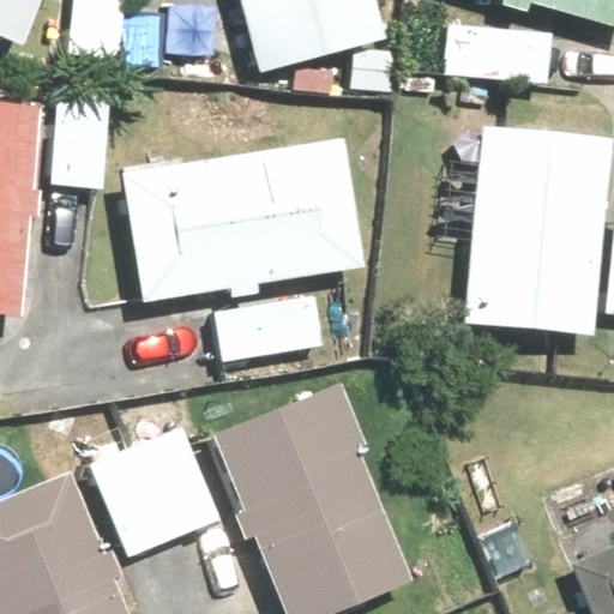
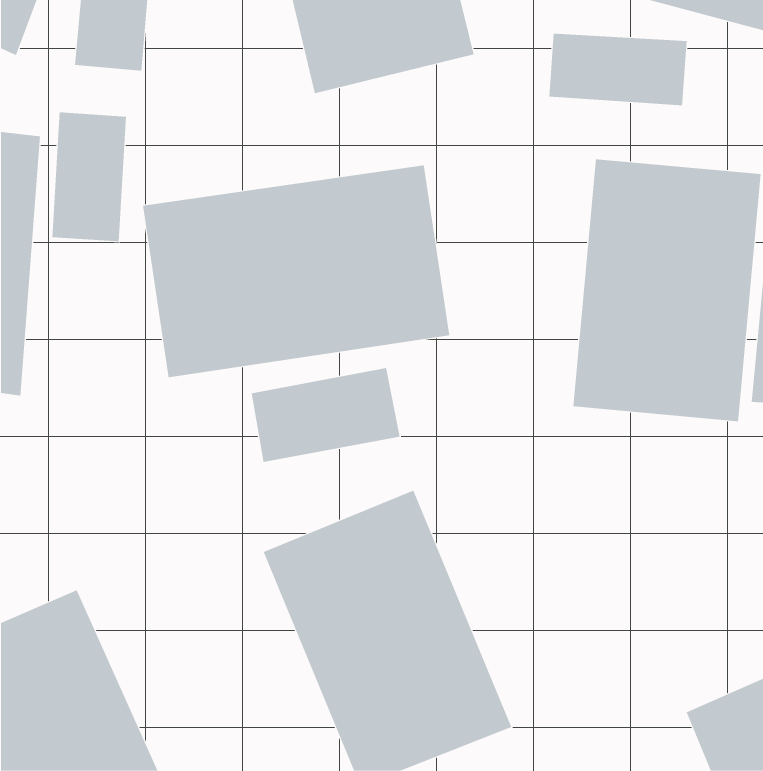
building: [85,428,219,561] -> none

